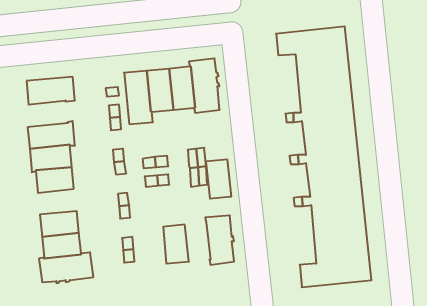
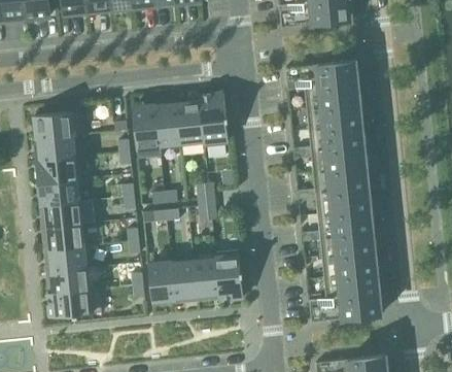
building: none -> [35,135,77,162]
building: [206,160,231,199] -> [195,258,220,297]
building: none -> [47,224,86,249]
building: none -> [149,262,176,302]

